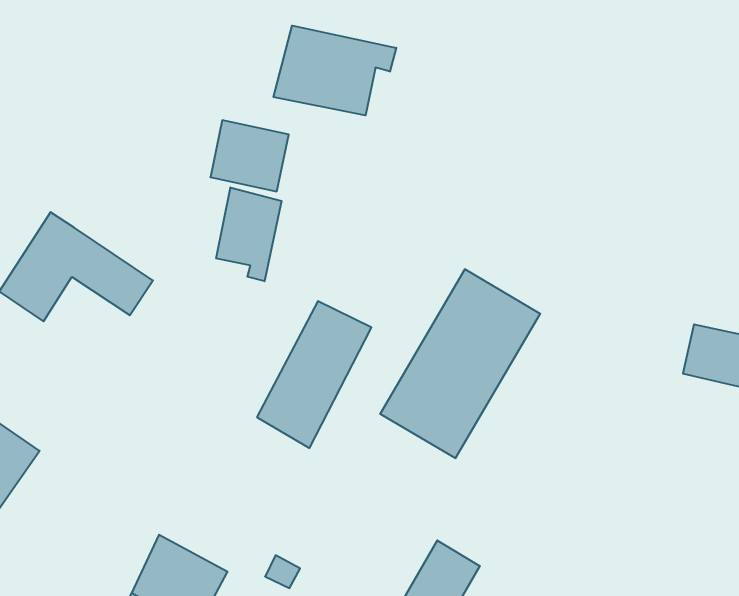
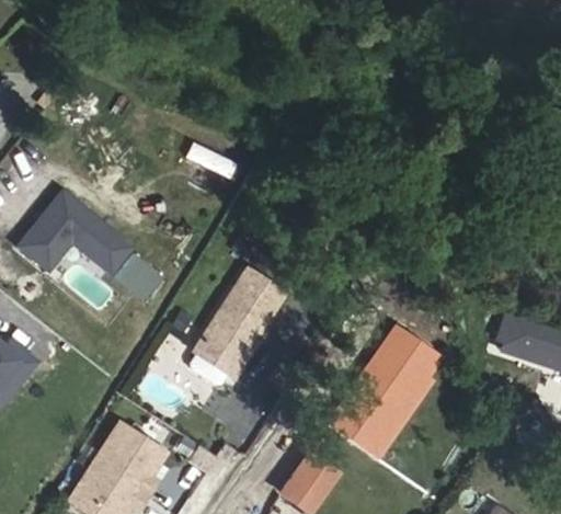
building: [273,26,396,115] -> none
building: [216,187,282,281] -> none
building: [380,269,540,458] -> [329,322,448,455]

